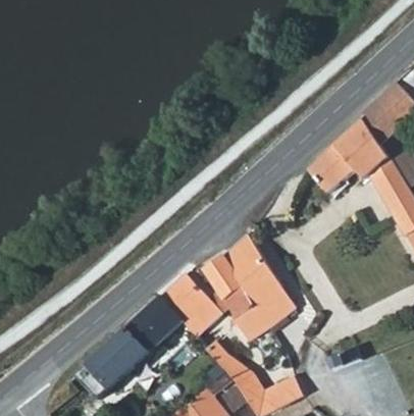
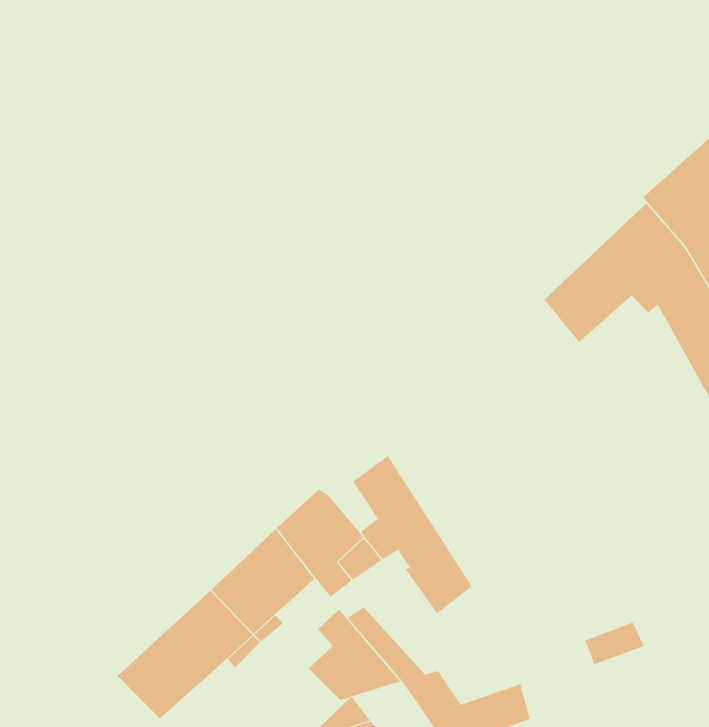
building: [223,232,296,326] -> none

